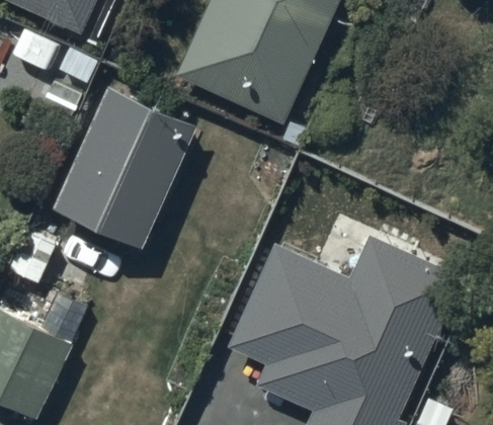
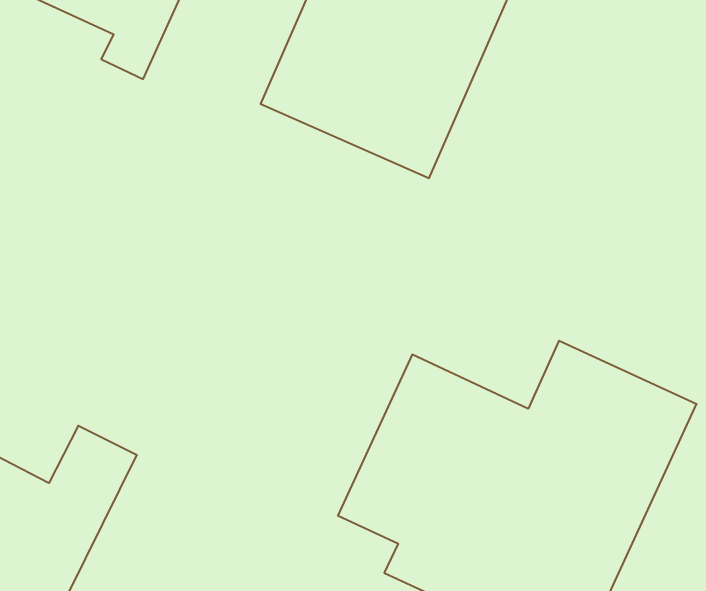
building: [53,83,197,246] -> none

